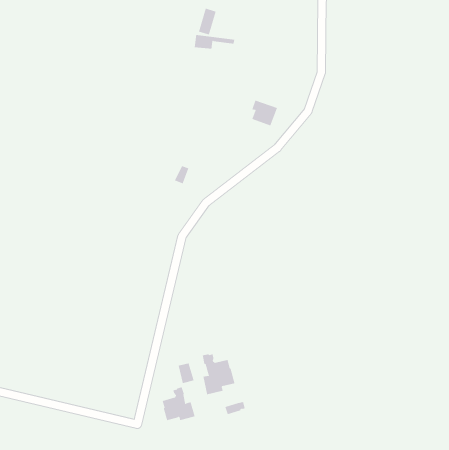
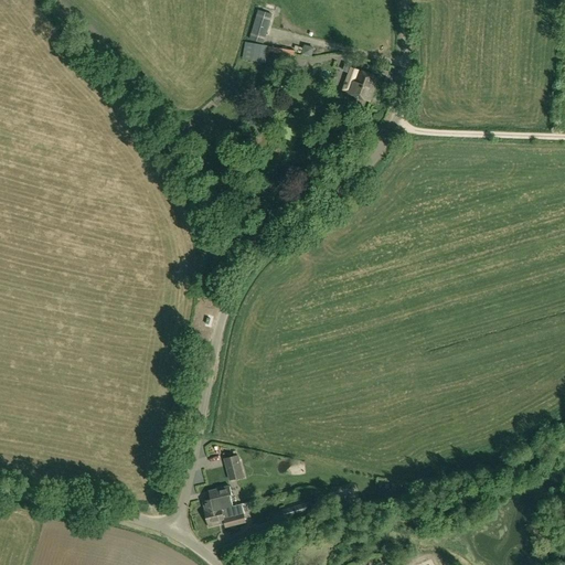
building: [251,100,278,126] -> [344,67,377,100]
building: [202,353,235,395] -> none

